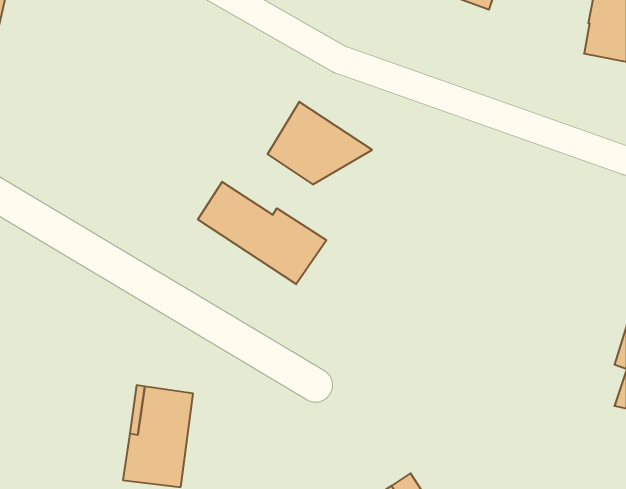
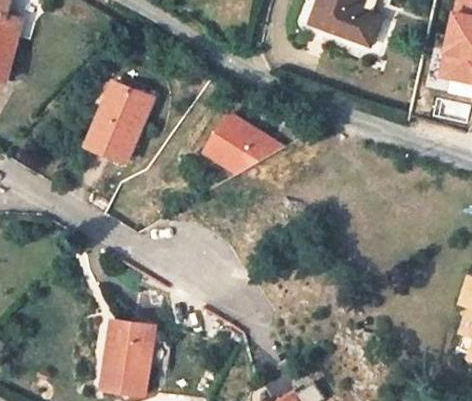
building: none -> [85,82,152,162]
building: [198,182,326,284] -> none

